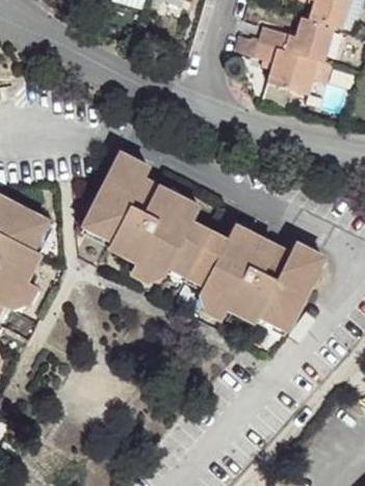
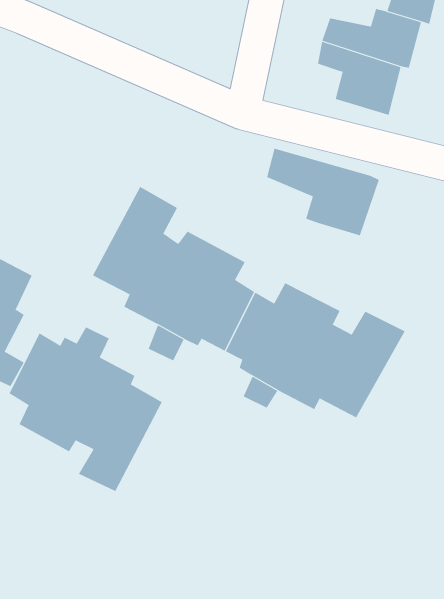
building: none -> [266,148,379,236]
building: none -> [9,327,163,492]

